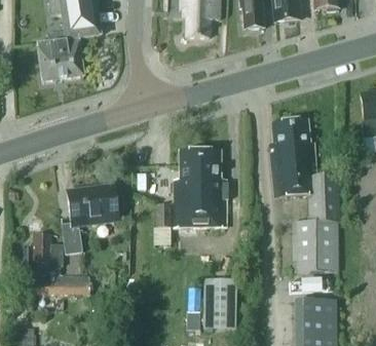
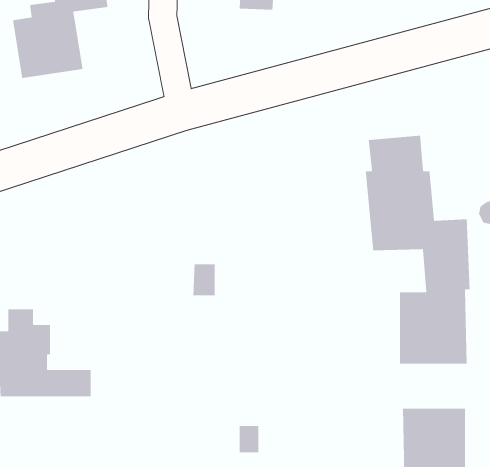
building: [175,150,226,226] -> none
building: [62,186,118,253] -> none
building: [203,277,236,328] -> none

